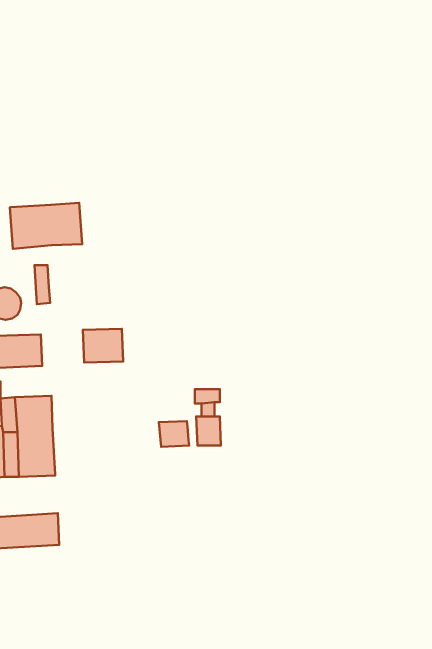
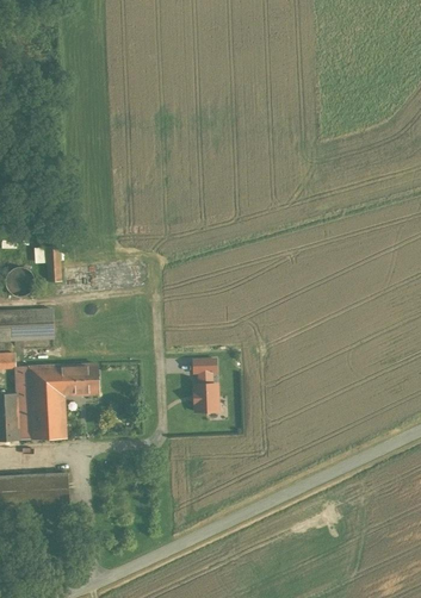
building: [10,203,82,249] -> none
building: [83,329,123,363] -> [62,363,99,394]
building: [159,421,189,447] -> none

